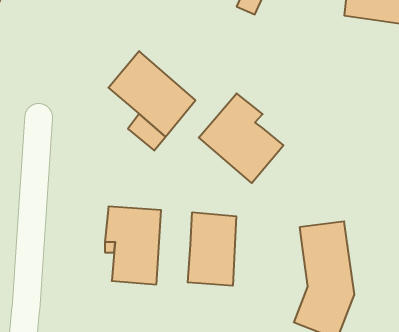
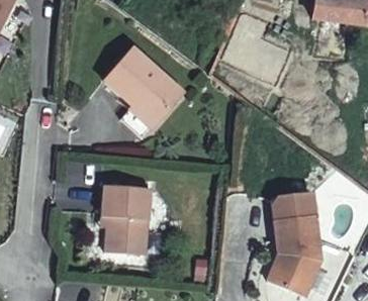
building: [199,93,283,183] -> none
building: [188,212,236,286] -> none

